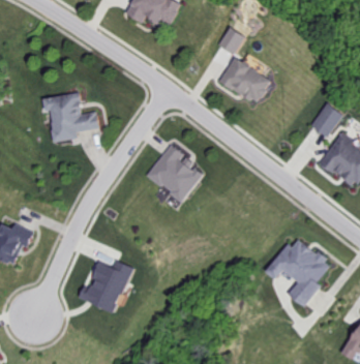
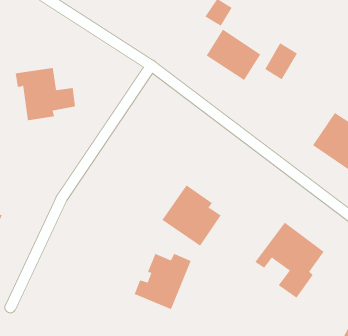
building: [311,102,342,138] -> [264,42,298,80]
building: [146,144,202,202] -> [162,184,222,246]
building: [78,260,131,312] -> [134,253,192,310]

